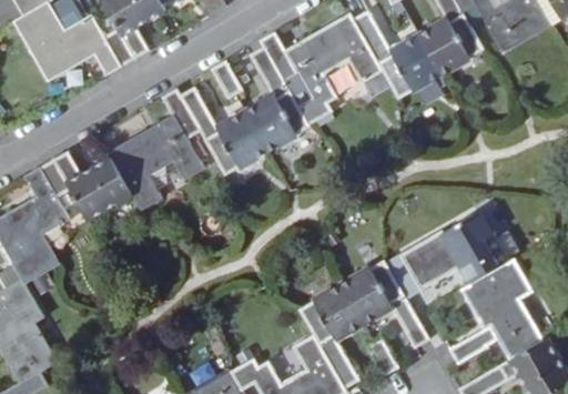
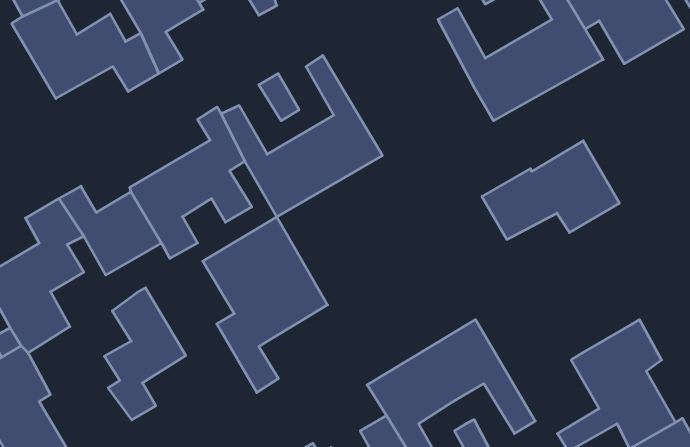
building: [258,12,383,127] -> none
building: none -> [203,217,328,393]
building: [399,211,509,290] -> [482,141,619,239]
building: none -> [104,288,186,420]

